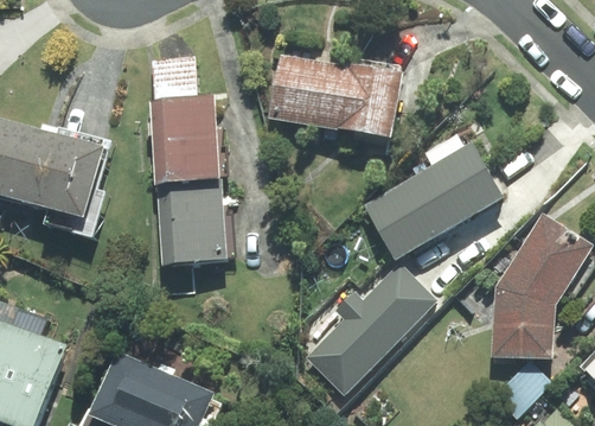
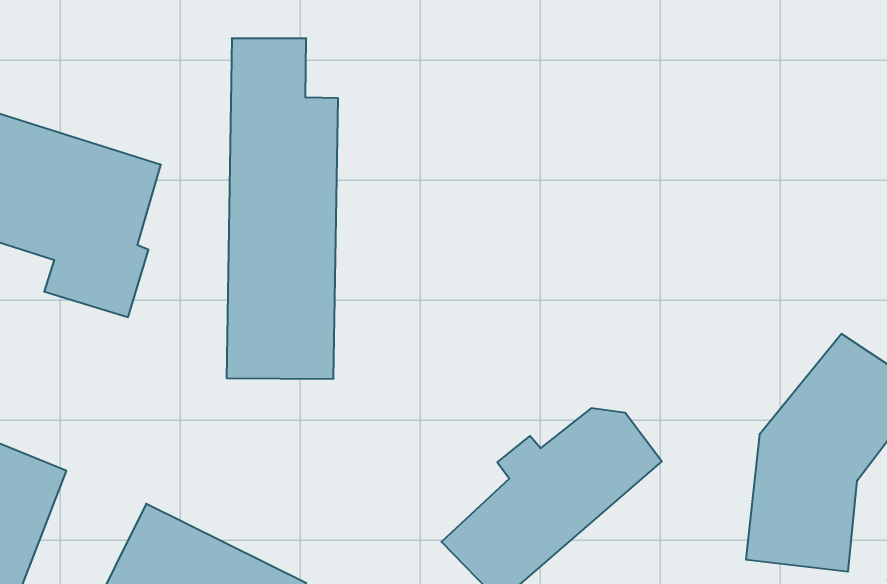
building: [269,52,404,135] -> none
building: [364,140,506,261] -> none

